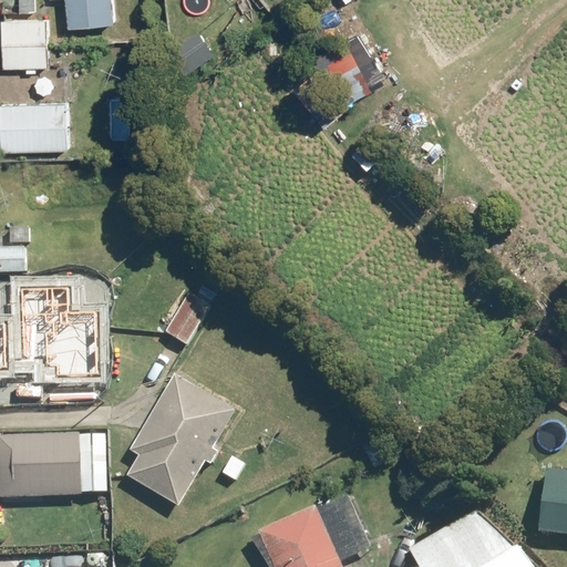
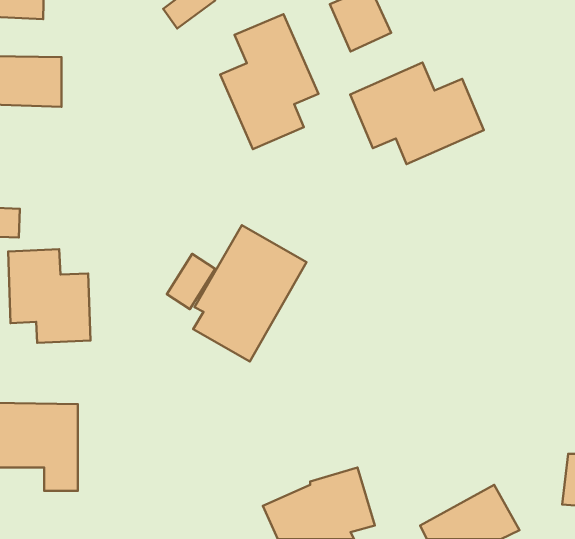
building: none -> [220,14,318,149]
building: none -> [350,63,484,164]
building: [126,374,235,505] -> [193,225,307,362]

